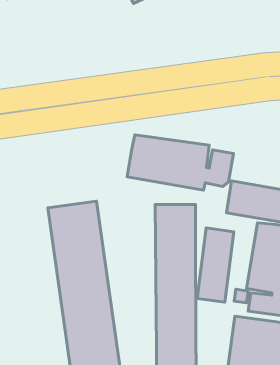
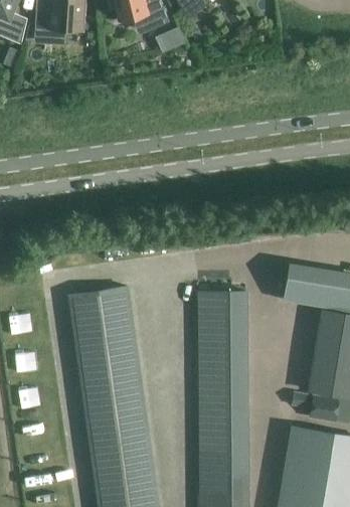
building: [127,135,233,190] -> none
building: [197,228,234,302] -> none

